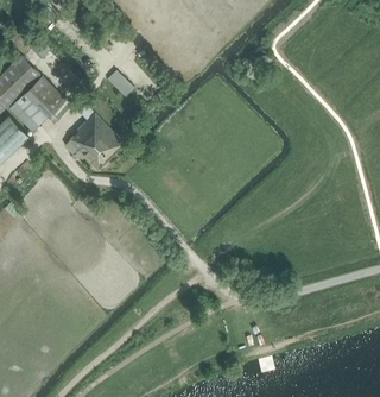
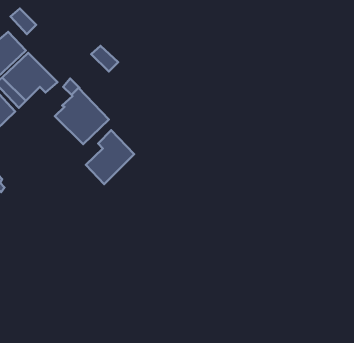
building: none -> [86,130,134,184]

